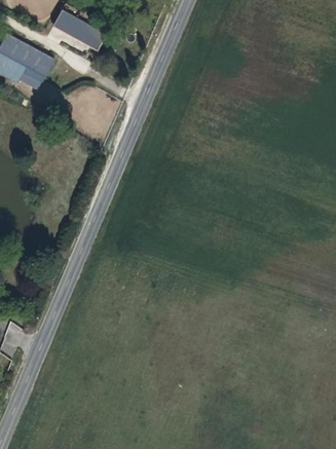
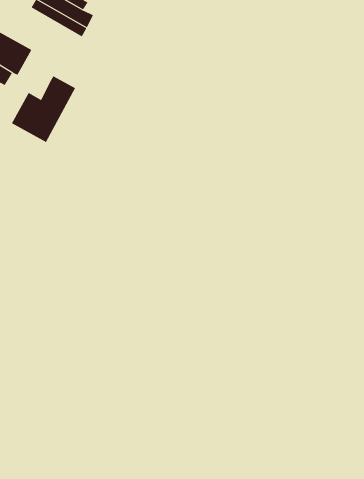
building: none -> [11,76,76,143]

